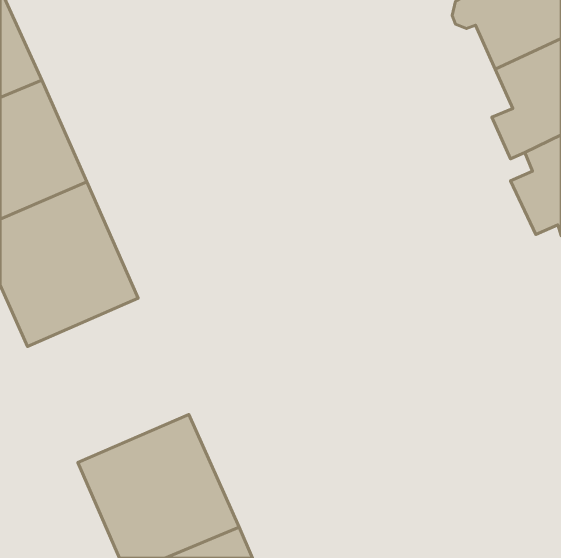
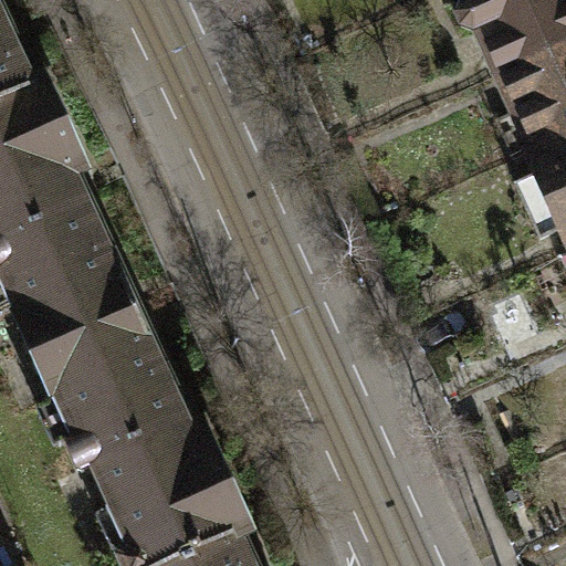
building: none -> [28,301,190,467]

